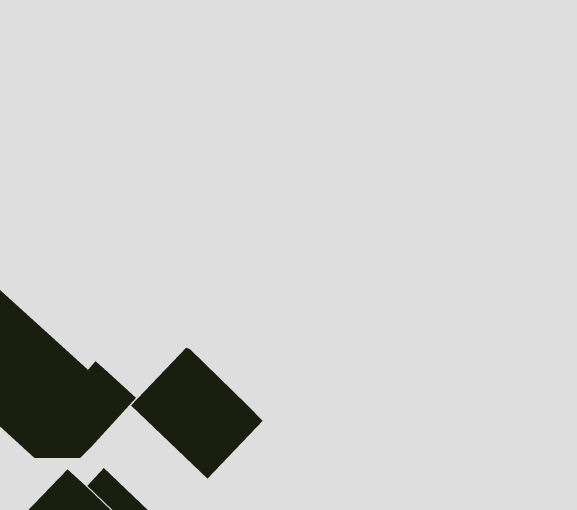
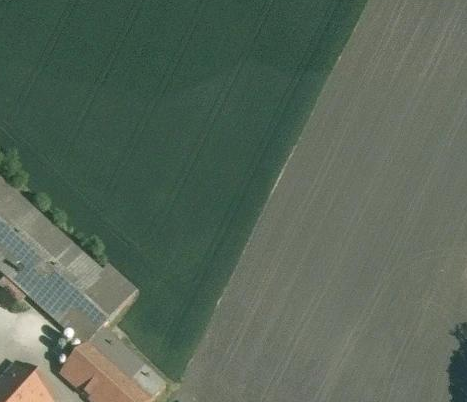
building: [130,347,264,479] -> none

